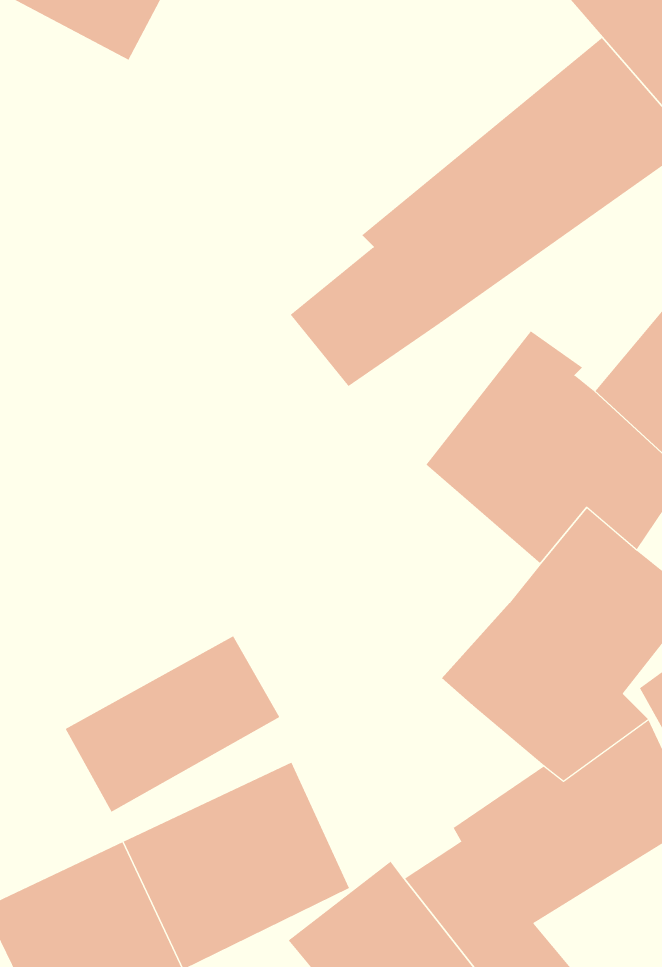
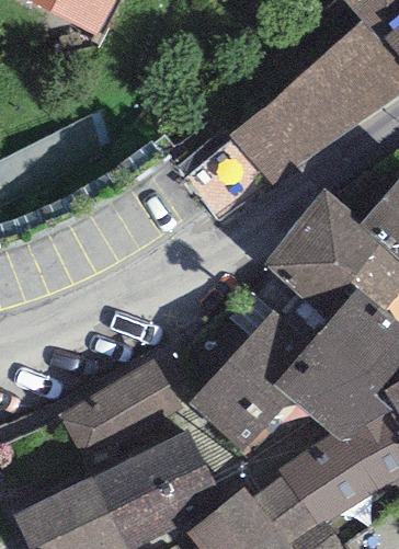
building: none -> [190,309,311,451]

